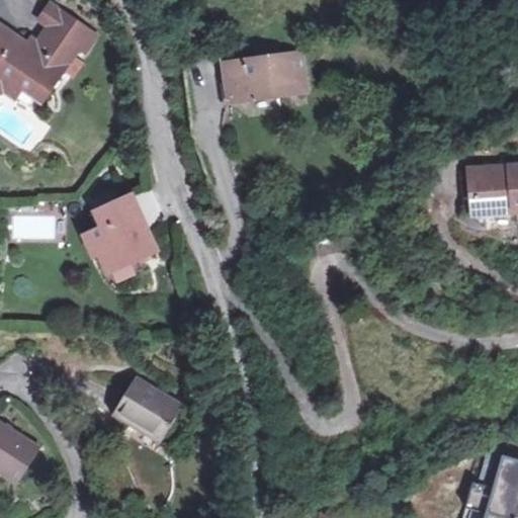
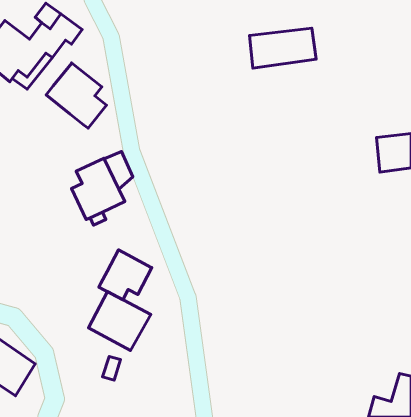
building: [224,54,306,103] -> [250,28,316,68]
building: none -> [46,63,106,128]
building: none -> [99,250,152,300]

